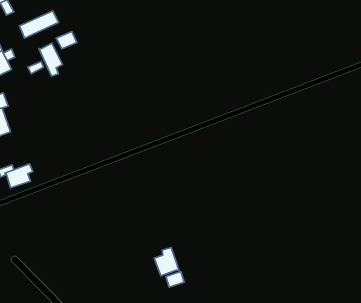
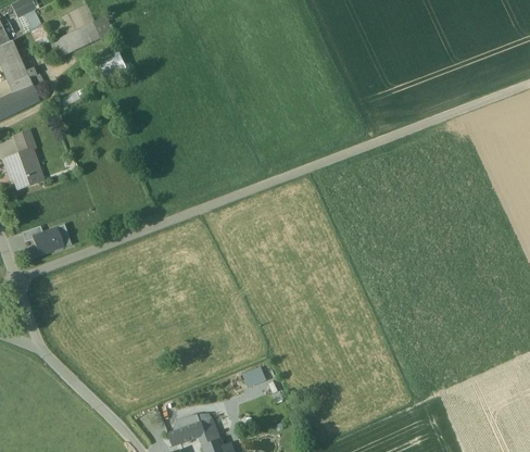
building: [39,43,62,76] -> none
building: [154,248,179,276] -> none

